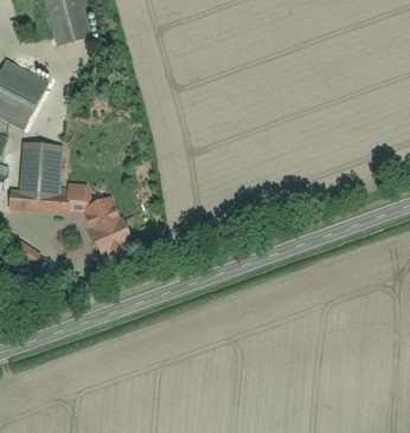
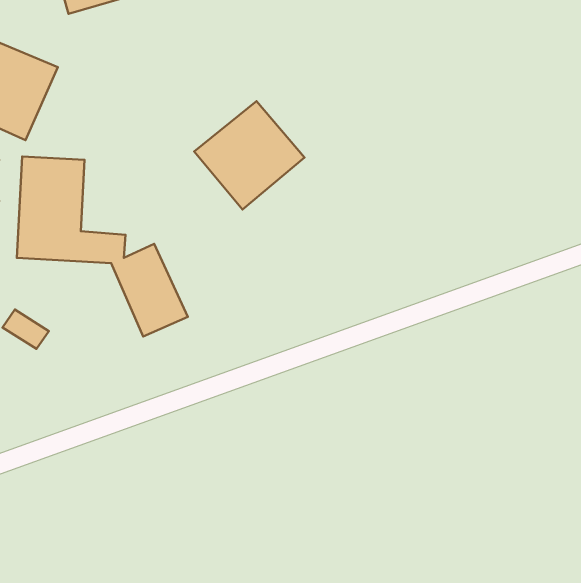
building: none -> [194,101,304,210]

